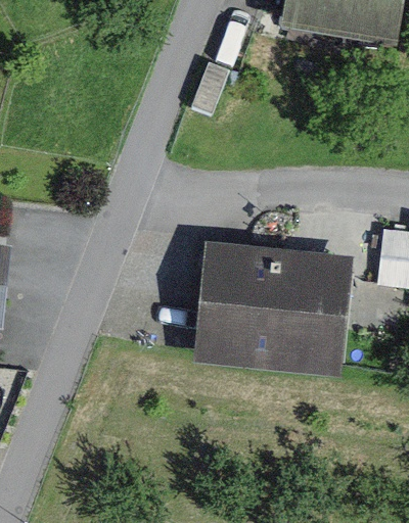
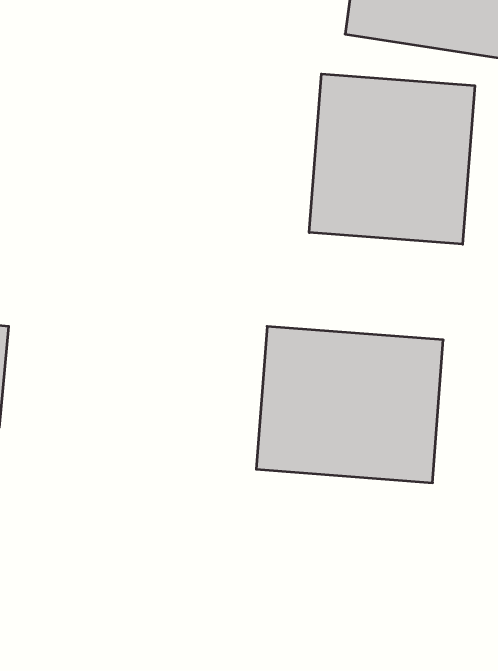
building: none -> [309,74,475,244]

